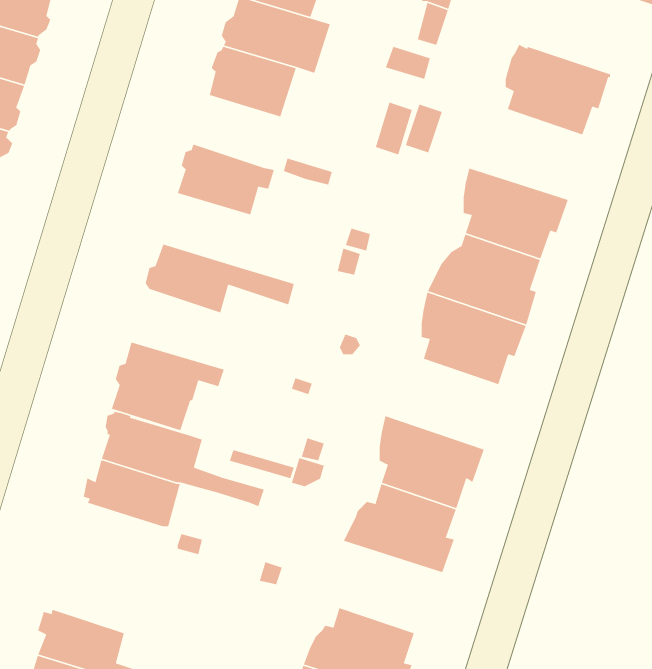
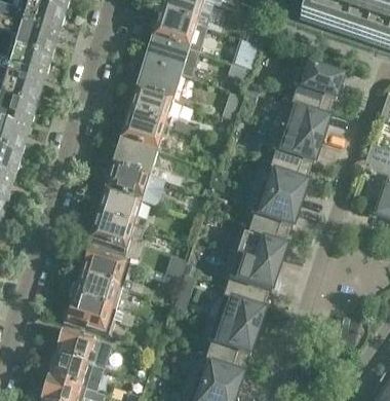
building: none -> [127,88,173,125]
building: none -> [270,96,328,142]
building: none -> [113,139,184,185]
building: none -> [96,188,147,229]
building: none -> [227,224,285,270]
building: none -> [65,298,116,333]
building: none -> [202,318,257,365]
building: none -> [55,329,101,365]

